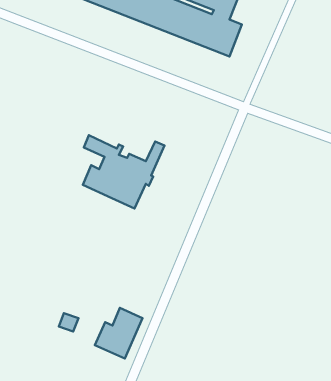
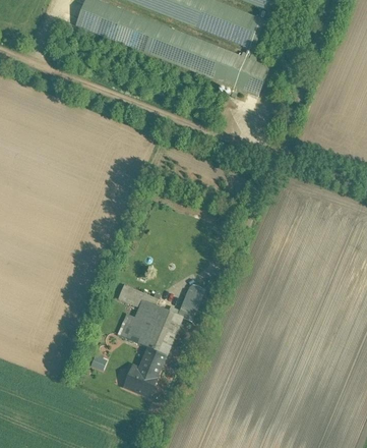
building: [83,135,164,209] -> [120,282,200,354]

